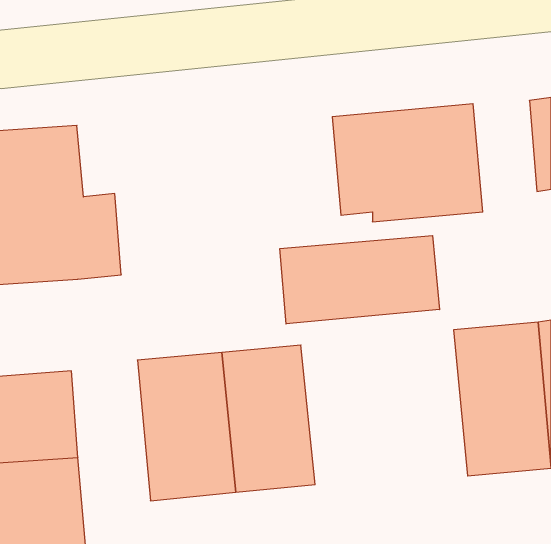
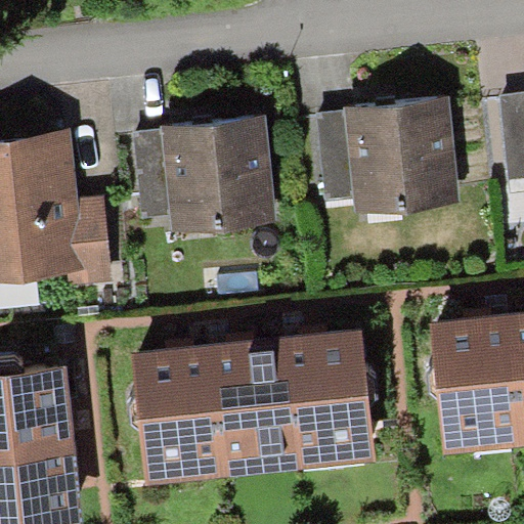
building: none -> [141,127,273,236]
building: [280,236,440,324] -> none
building: none -> [285,328,377,467]

